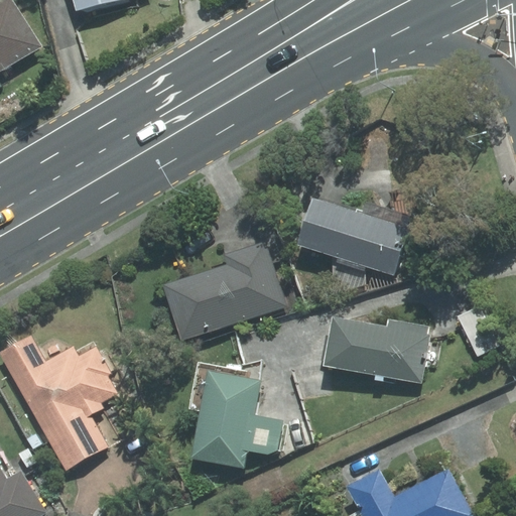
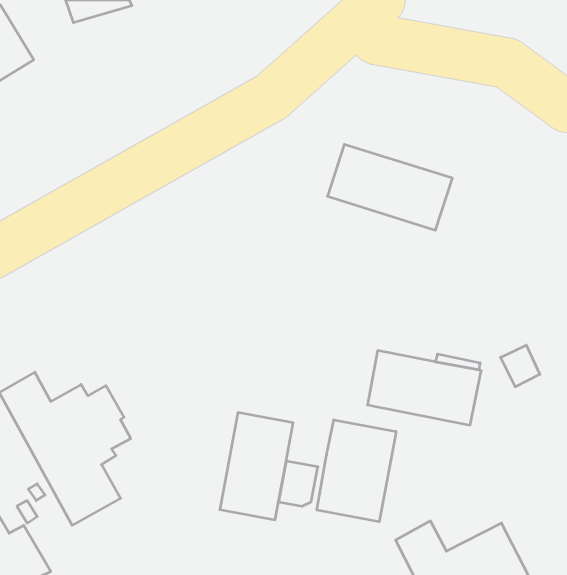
building: [285,203,397,279] -> [327,144,452,230]
building: [168,244,277,338] -> none
building: none -> [317,420,396,522]

